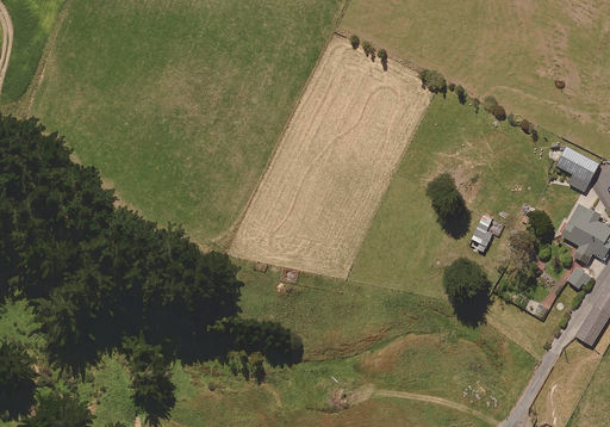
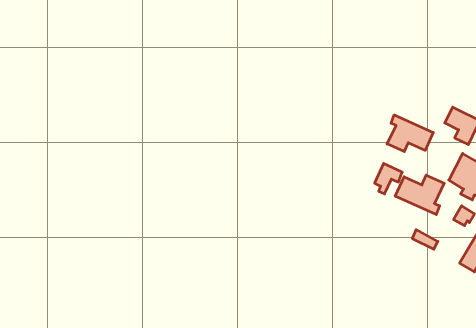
building: none -> [387,115,433,152]
building: none -> [395,175,444,215]

